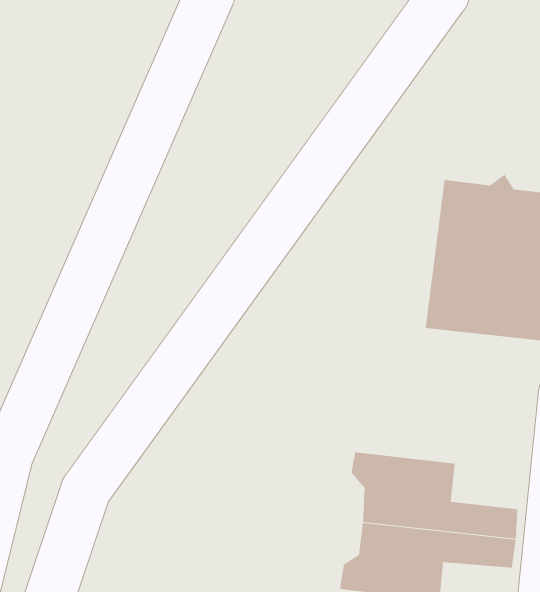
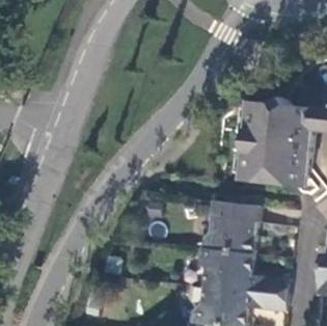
building: none -> [201,201,262,254]

